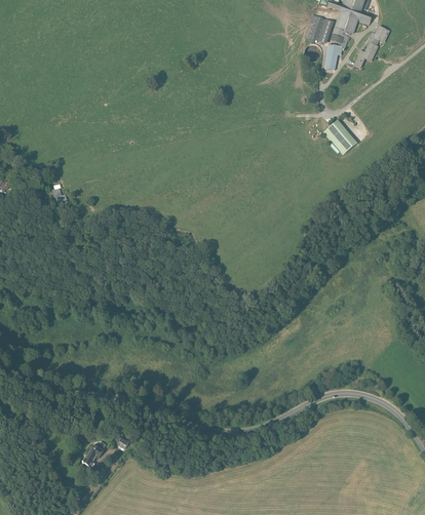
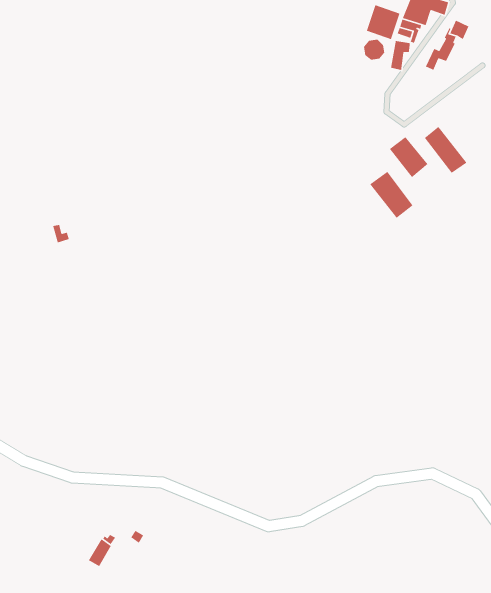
building: none -> [424,126,467,174]
building: none -> [369,171,413,219]

